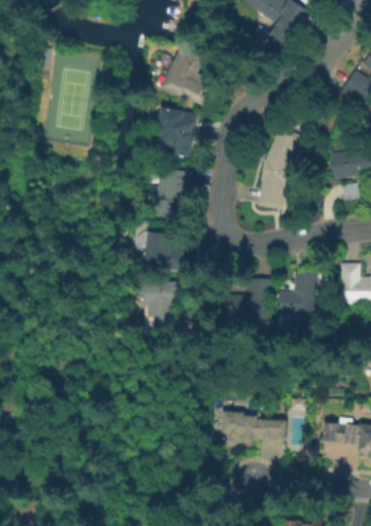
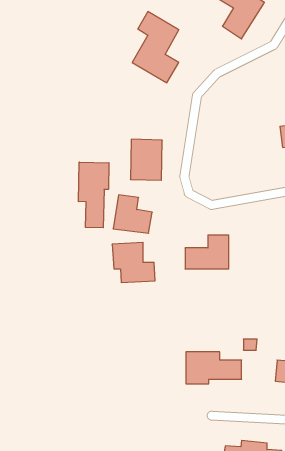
building: [160,106,197,146] -> none
building: [258,125,302,206] -> none
building: none -> [78,162,109,228]
building: [280,274,328,321] -> none

